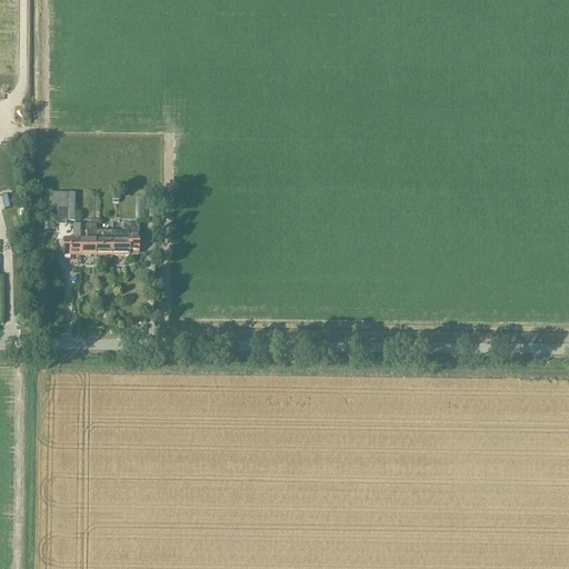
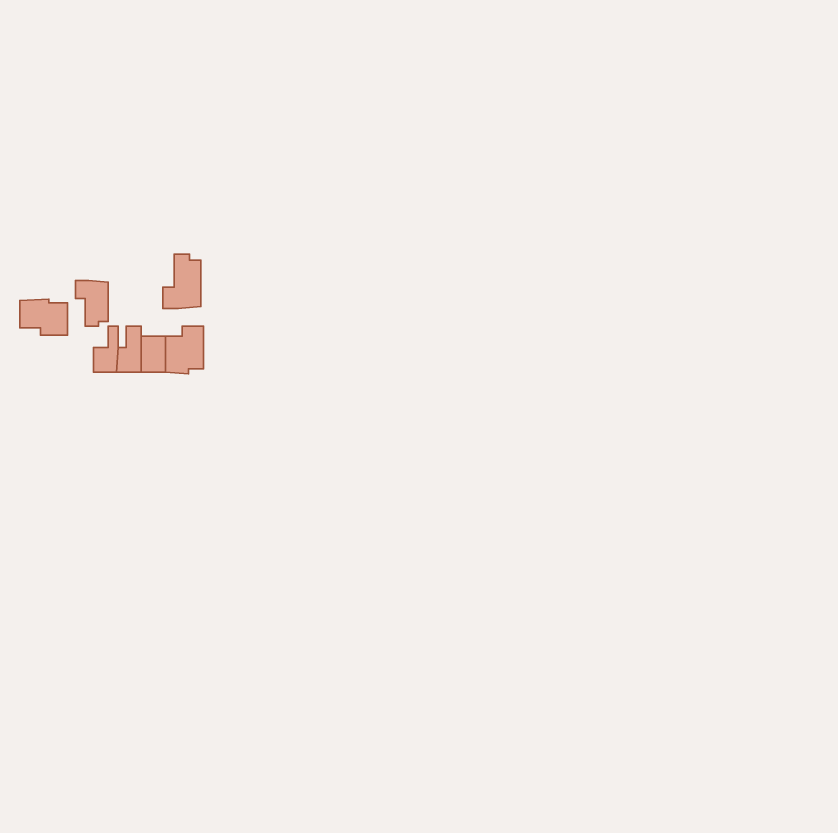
building: none -> [163,254,201,309]
building: none -> [20,299,68,335]

